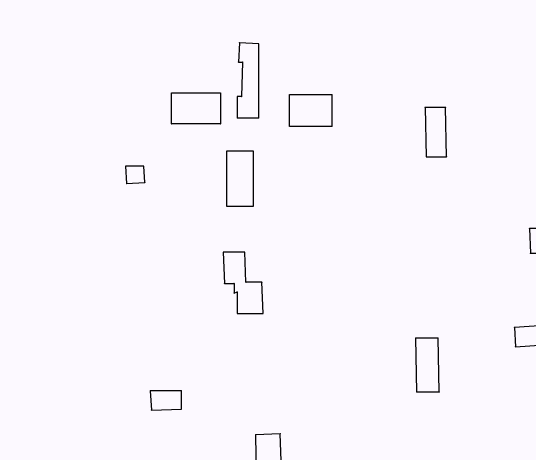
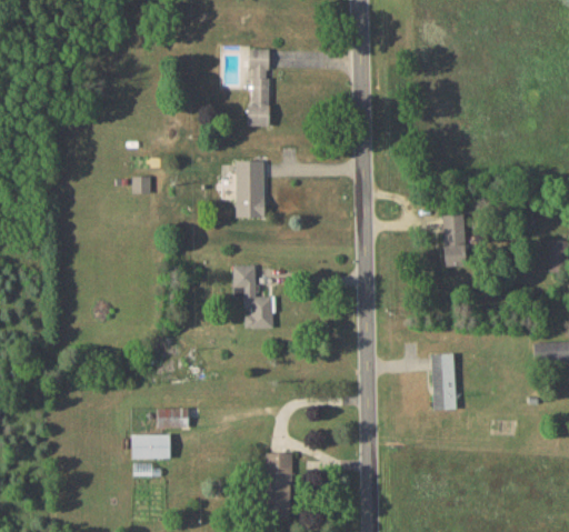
building: [172,93,220,124] -> none
building: [290,95,332,126] -> none
building: [425,107,447,157] -> [442,214,465,265]
building: none -> [131,433,171,459]

